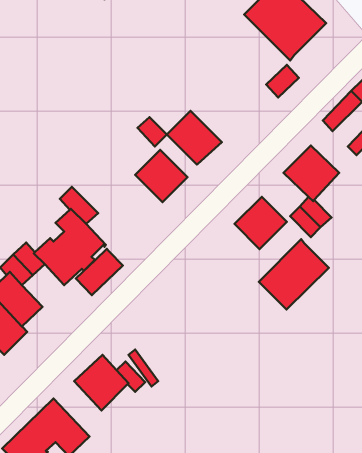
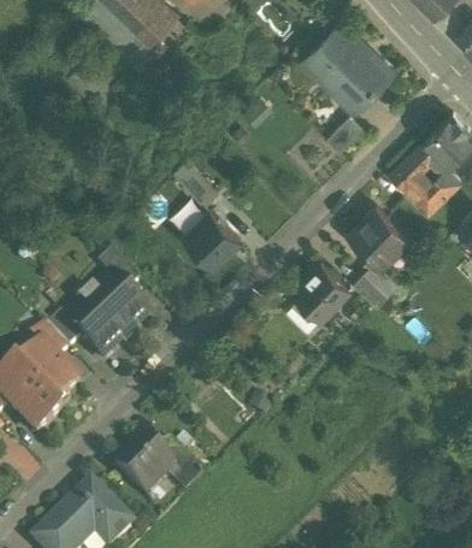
building: [167,111,222,165] -> none
building: [259,239,329,309] -> none
building: [76,249,123,295] -> none

